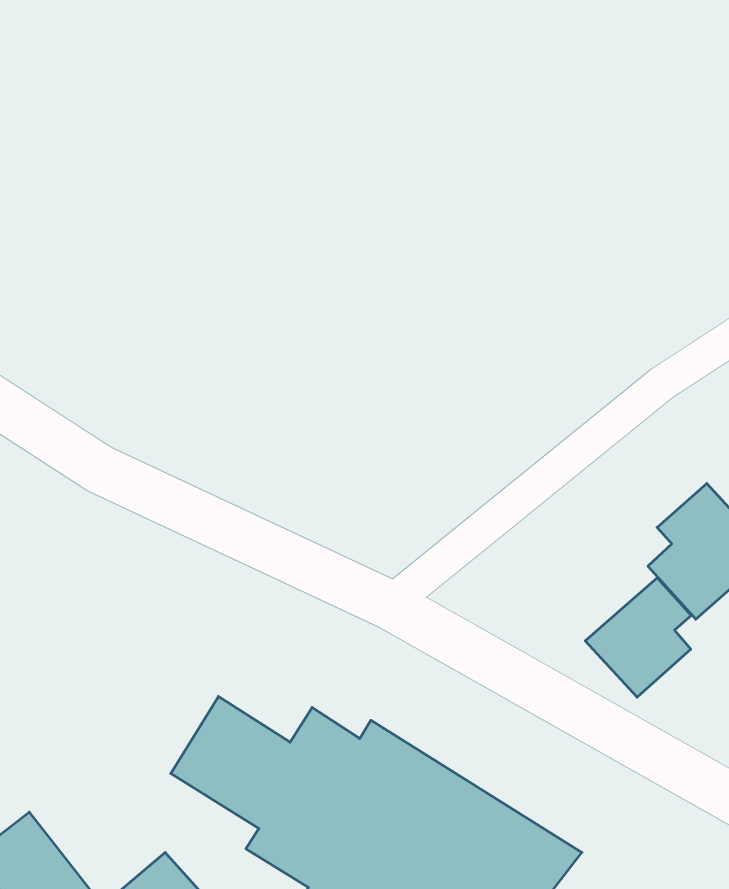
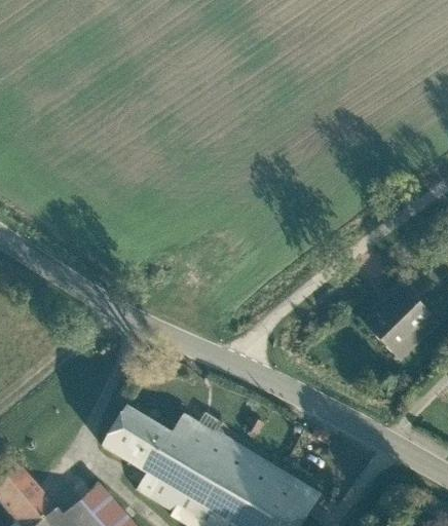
building: [585,578,691,697] -> none

